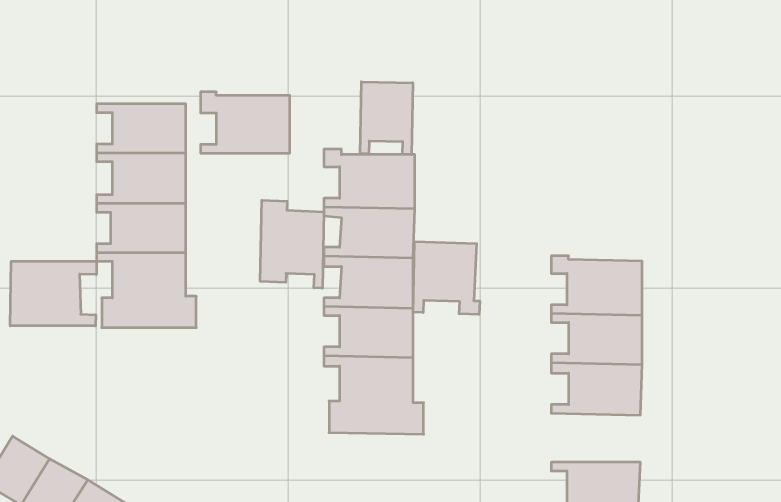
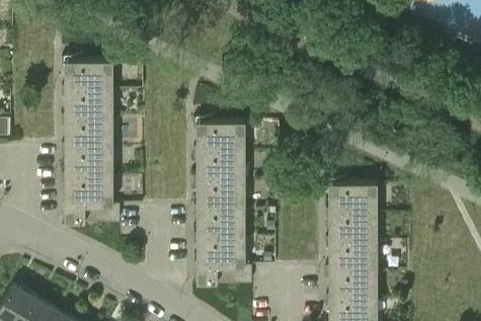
building: [360,82,413,155] -> none
building: [201,92,290,153] -> [62,53,113,88]
building: [260,200,324,288] -> none
building: [413,242,480,314] -> none
building: [10,261,97,326] -> none
building: none -> [325,267,377,296]

